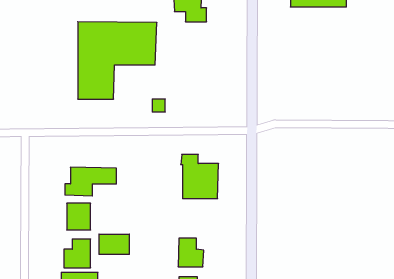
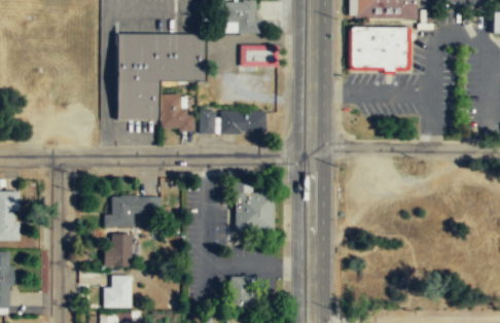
building: none -> [351,25,408,66]
building: none -> [240,44,276,66]
building: none -> [160,94,195,130]
building: none -> [220,111,265,133]
building: [99,234,129,254] -> none

